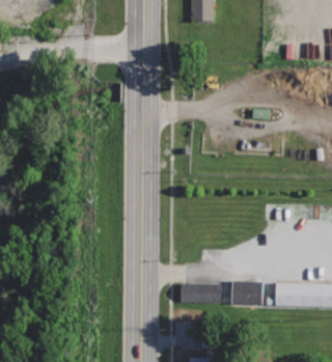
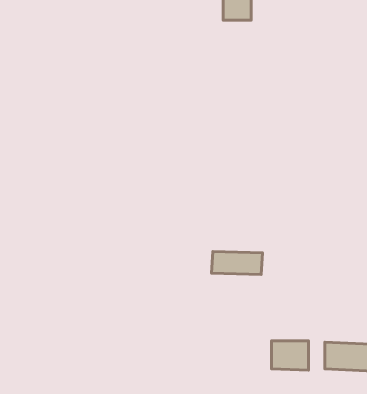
building: [179,283,221,302] -> [211,252,262,274]

